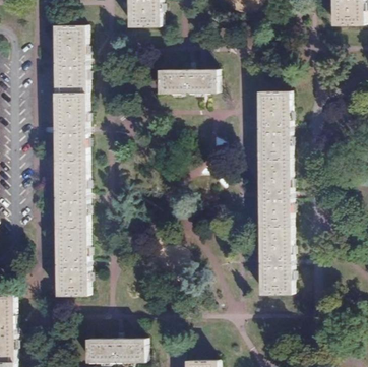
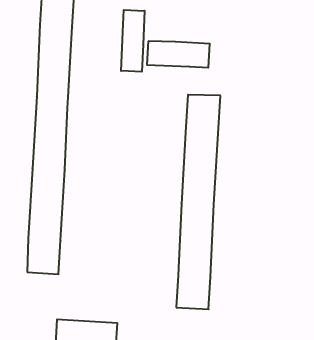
building: none -> [121,10,145,72]
building: [258,91,290,293] -> [176,95,220,309]

